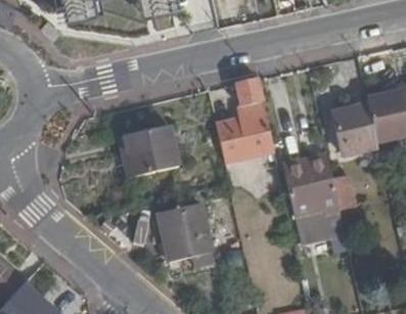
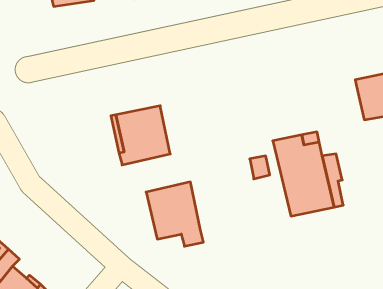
building: [217,76,274,159] -> none
building: [336,102,377,150] -> none

